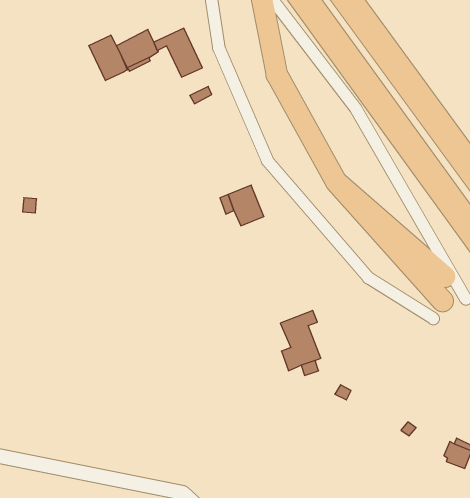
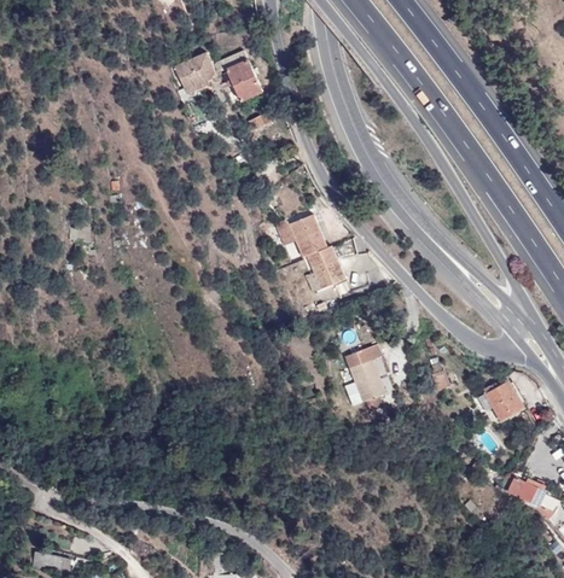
building: [89,35,127,81] -> none
building: none -> [306,245,344,288]
building: none -> [485,381,522,419]

